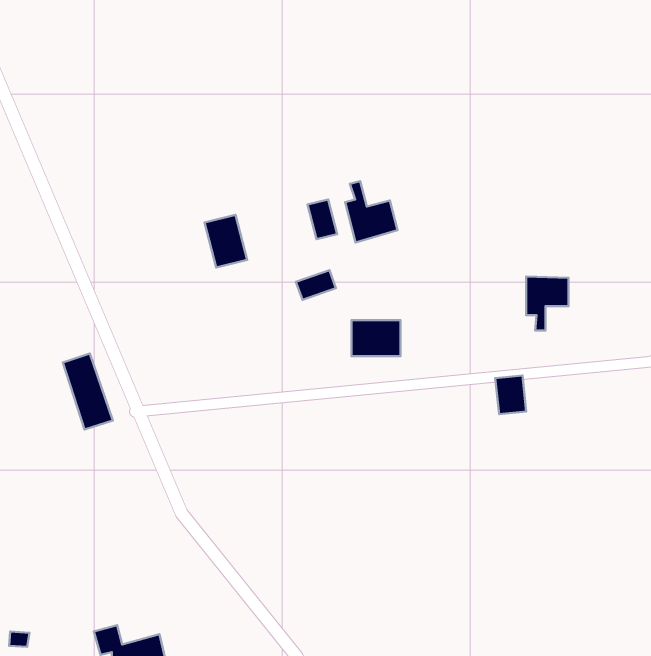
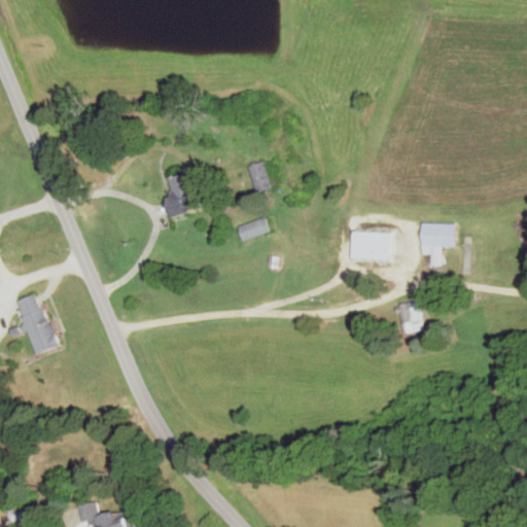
building: [345,181,398,242] -> none
building: [352,320,400,356] -> [352,232,391,260]
building: [63,353,113,429] -> [16,293,57,354]

